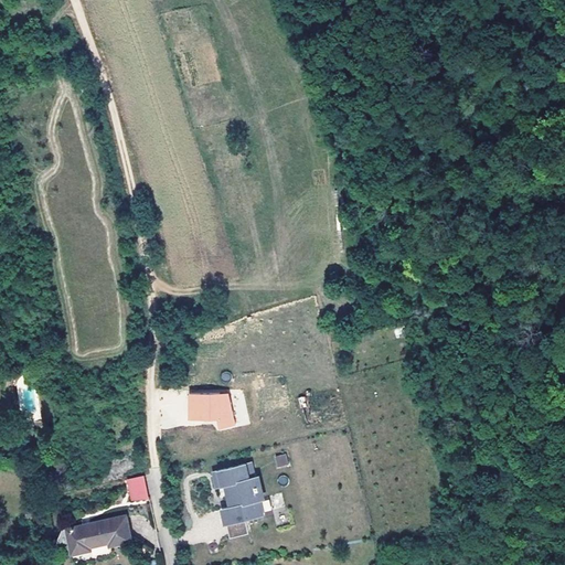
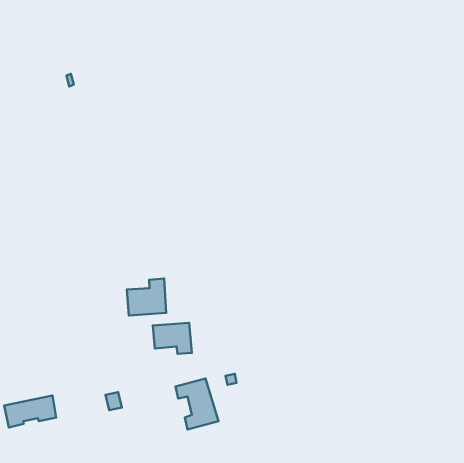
building: none -> [127,278,166,316]
building: [67,515,130,554] -> [4,396,56,427]

